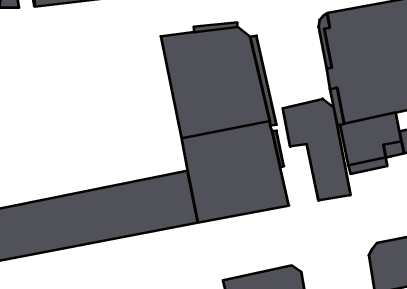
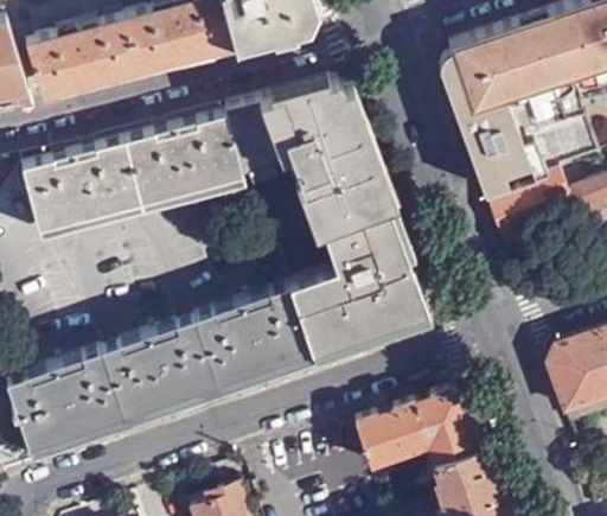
building: none -> [25,119,242,234]
building: [283,99,350,201] -> none

